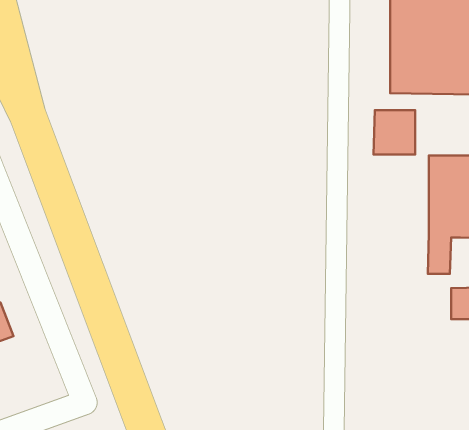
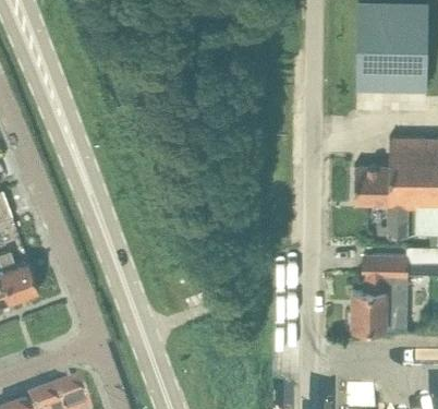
building: [374,110,415,154] -> [354,169,389,206]
building: none -> [352,258,405,330]

